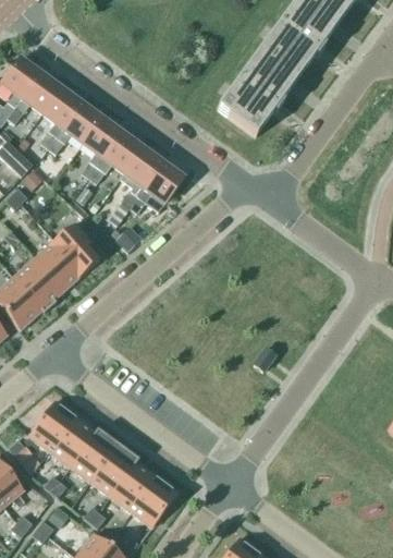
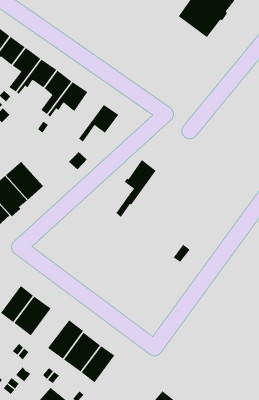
building: [218,49,298,135] -> none
building: [110,148,163,225] -> [115,159,157,218]
building: [57,221,99,270] -> none
building: [70,428,119,481] -> none

